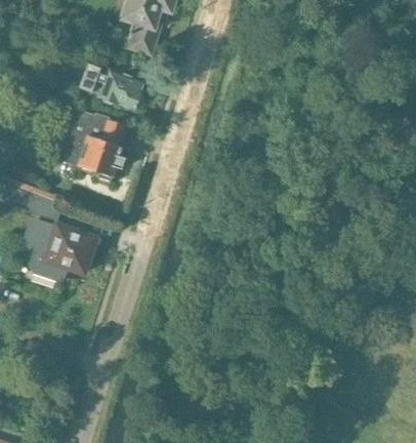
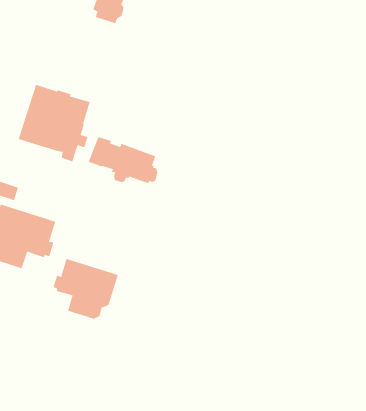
building: [76,63,141,107] -> [88,137,158,184]
building: none -> [53,258,118,320]

